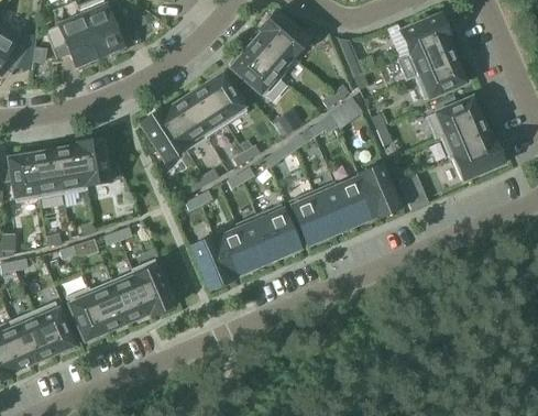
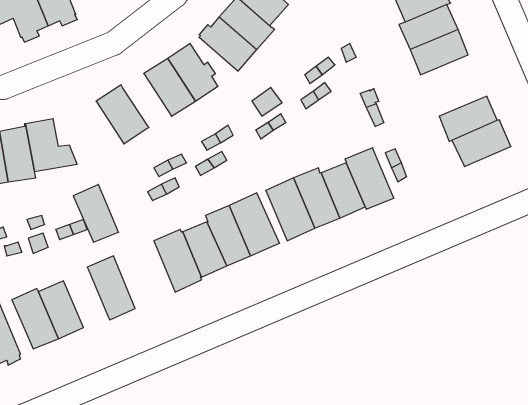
building: [426,97,482,139] -> none
building: [163,99,206,150] -> none
building: [111,271,151,321] -> [73,184,119,242]

